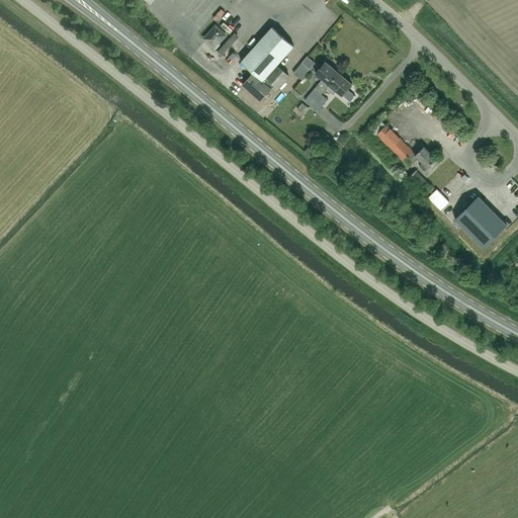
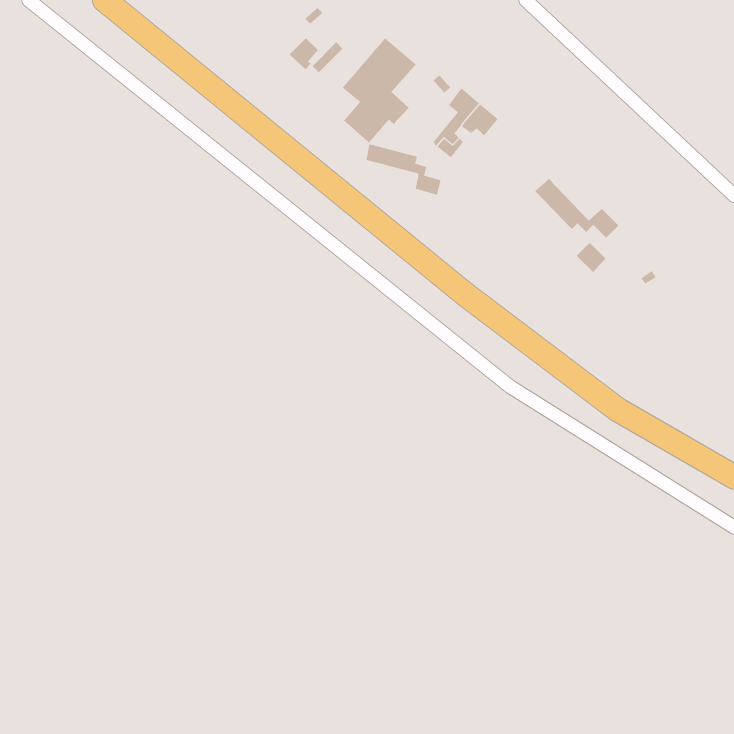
building: none -> [366,144,441,195]
building: [454,195,507,248] -> none

